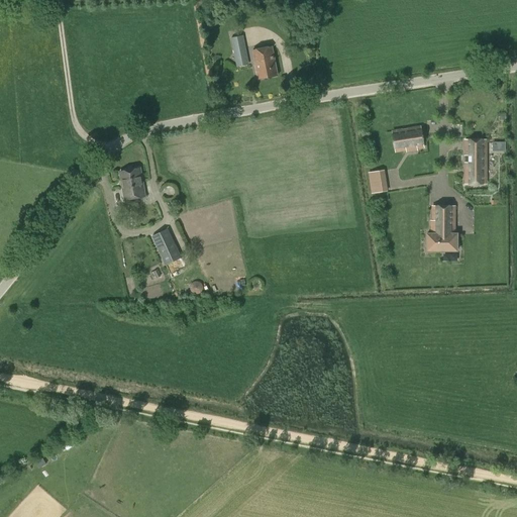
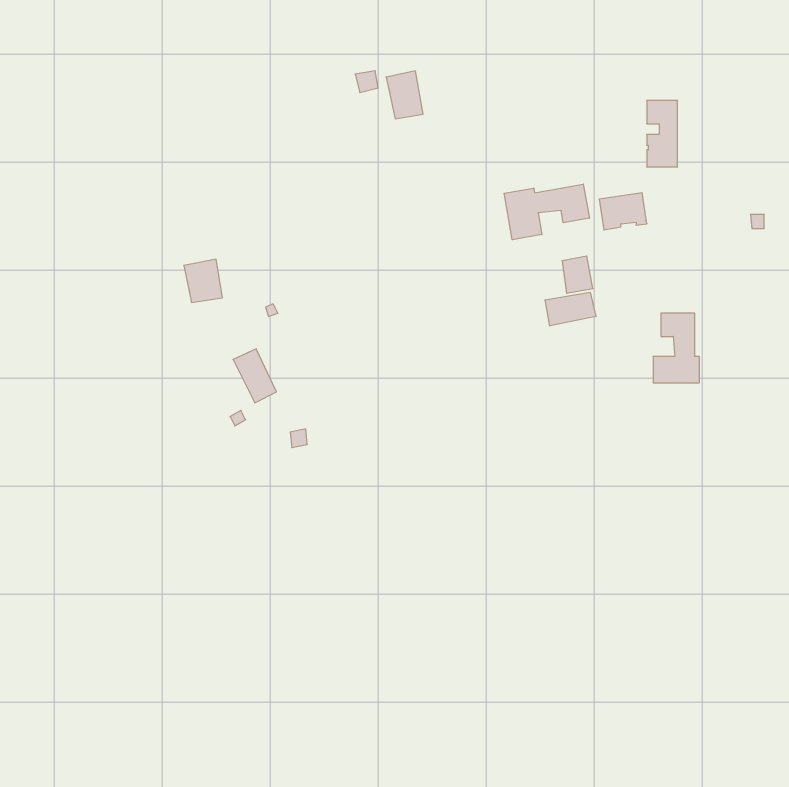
building: none -> [504,184,589,240]
building: [466,139,486,183] -> [647,101,678,167]
building: none -> [545,292,596,326]

